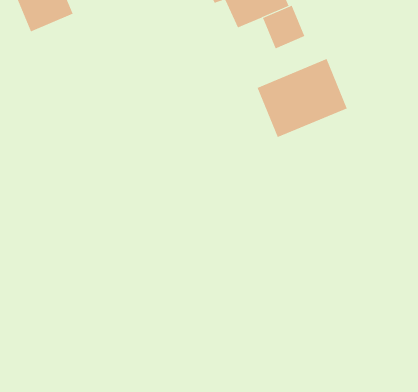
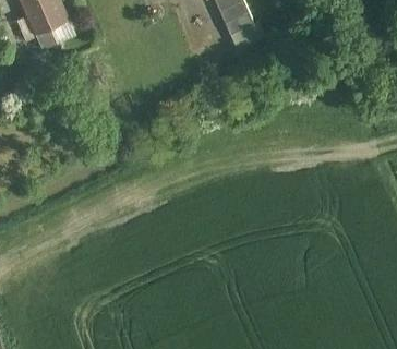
building: [257,58,348,138] -> none

